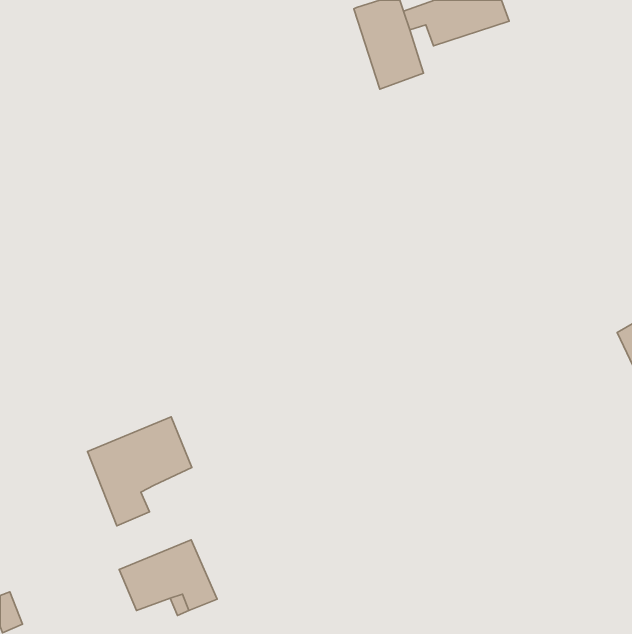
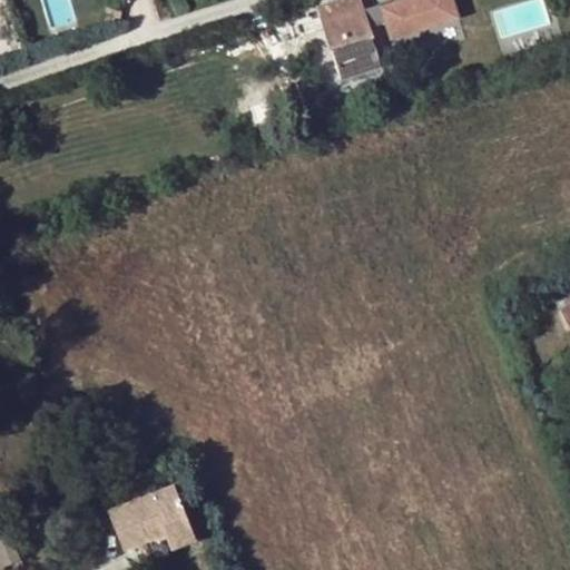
building: [88,417,192,526] -> none

